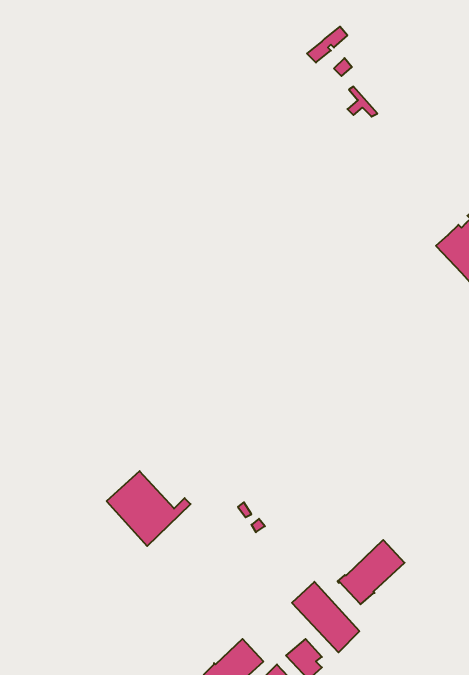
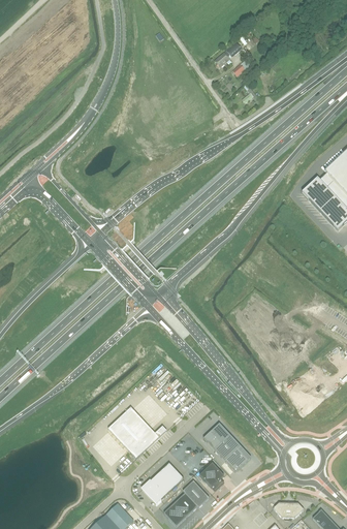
building: [107,471,191,546] -> [108,407,166,459]
building: [338,540,405,604] -> none

